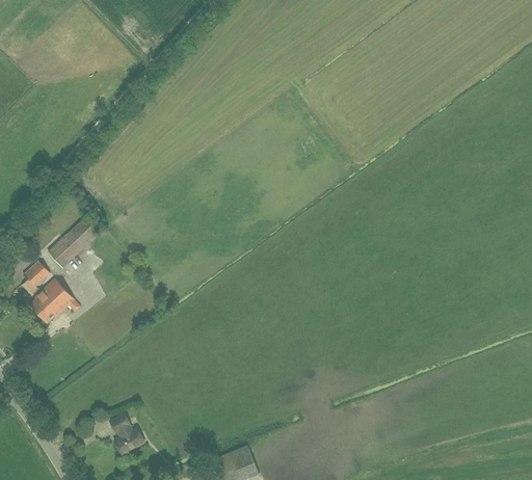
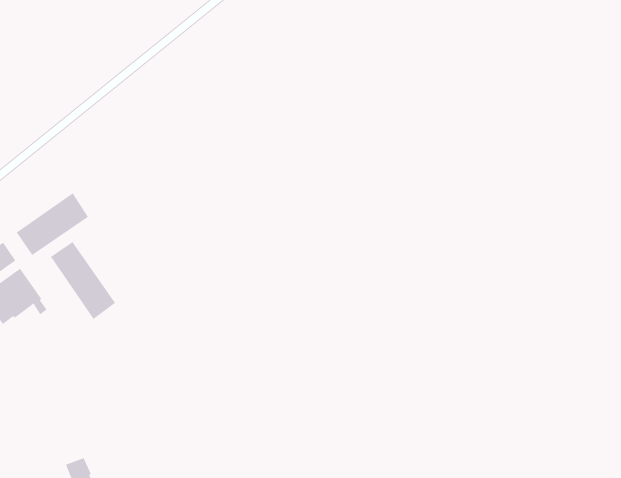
building: none -> [50,241,116,320]

